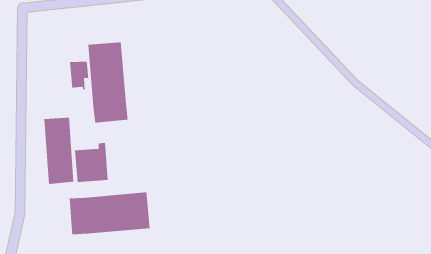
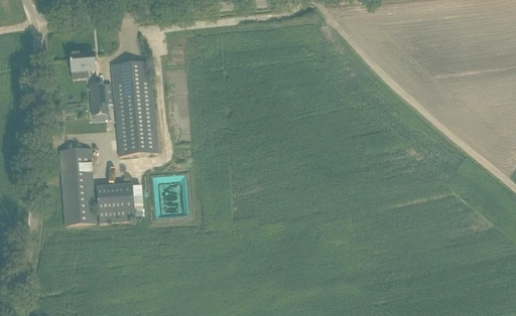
building: none -> [70,51,96,71]
building: [69,192,150,235] -> none

